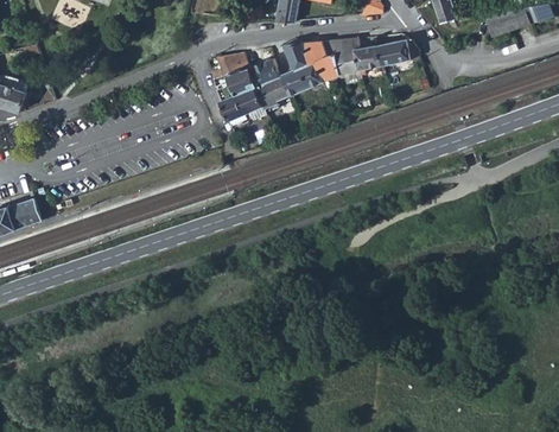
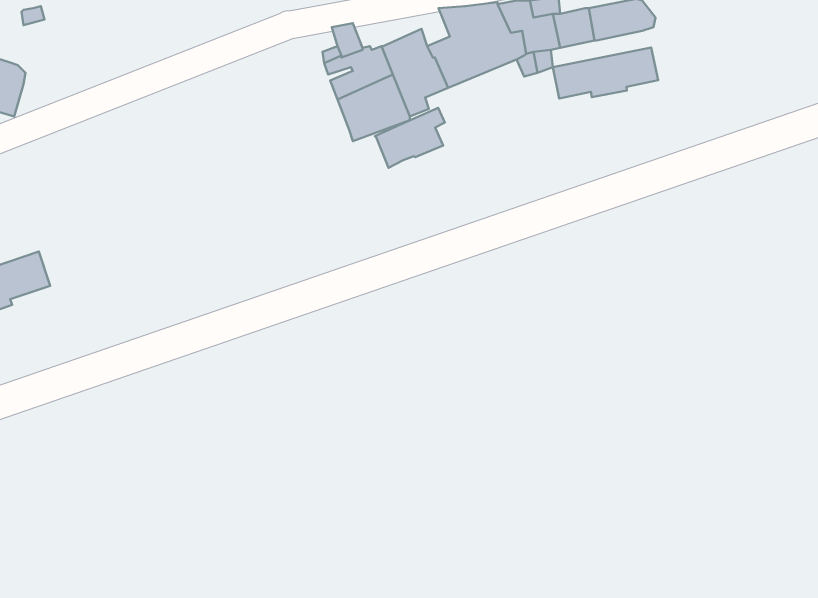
building: none -> [553,47,658,98]
building: none -> [375,108,445,168]

